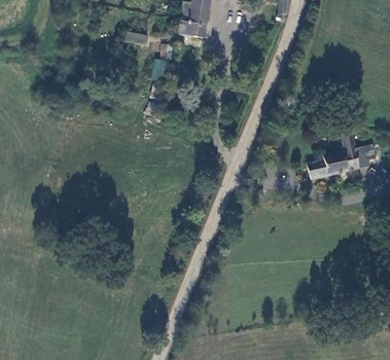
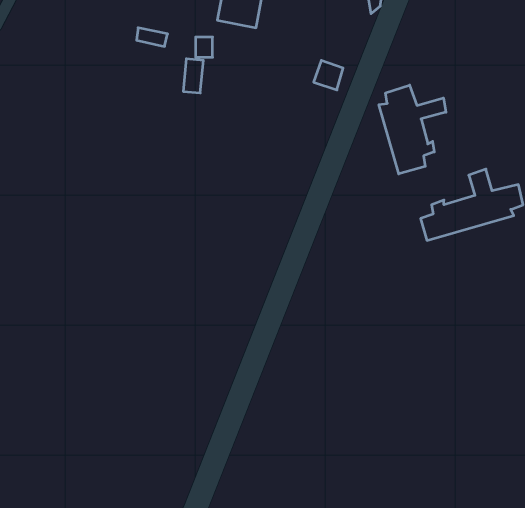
building: none -> [379,85,446,174]

